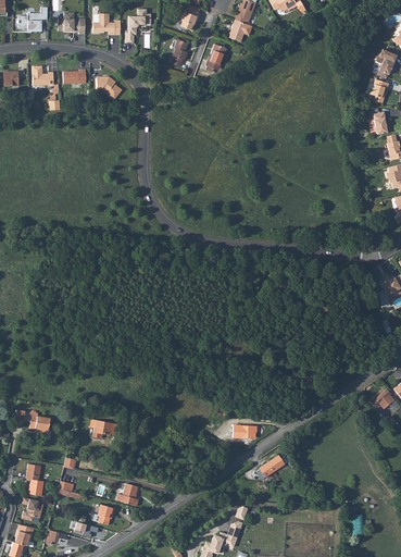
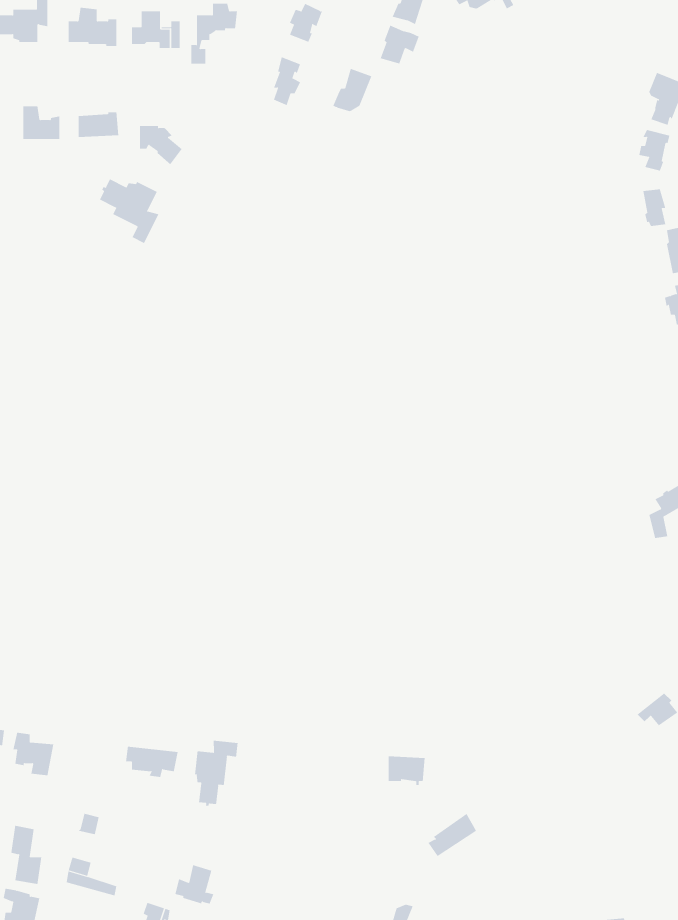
building: none -> [99,179,159,244]
building: none -> [194,740,238,807]

